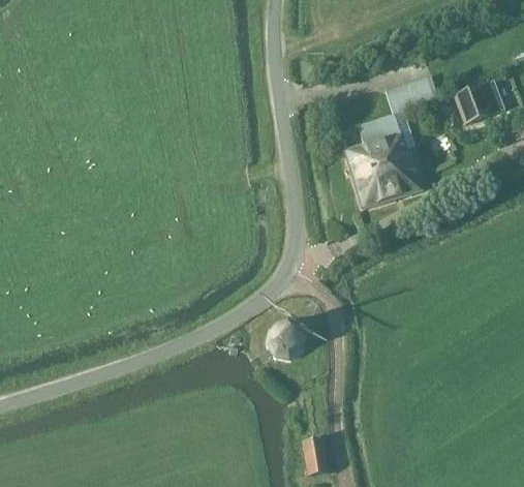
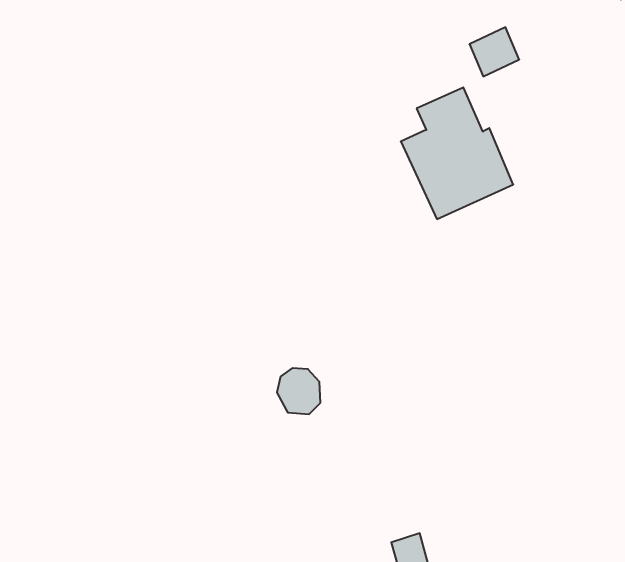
building: [455,84,495,123] -> none
building: [270,323,302,358] -> [277,368,320,414]

